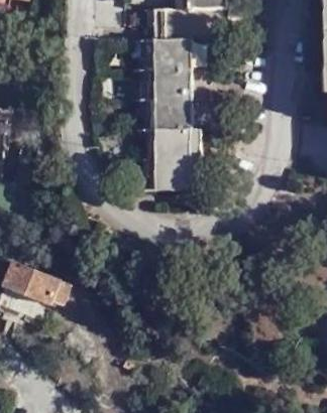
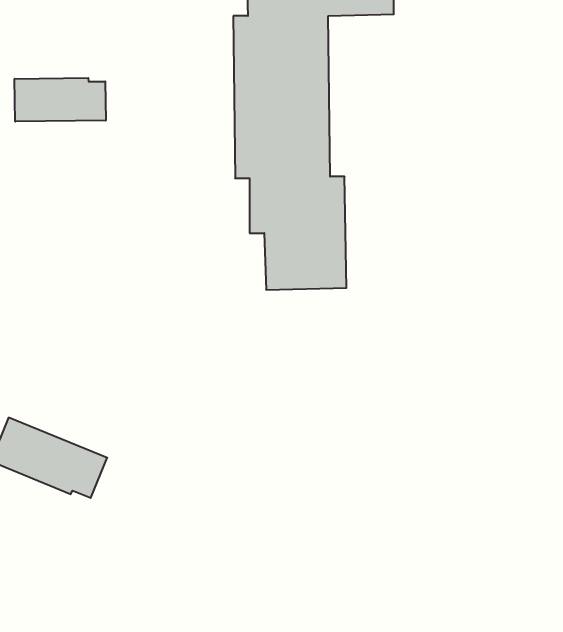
building: none -> [15,78,106,122]

